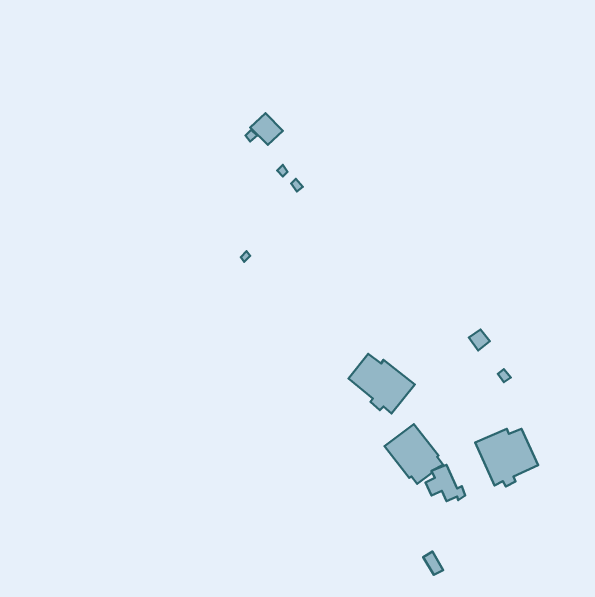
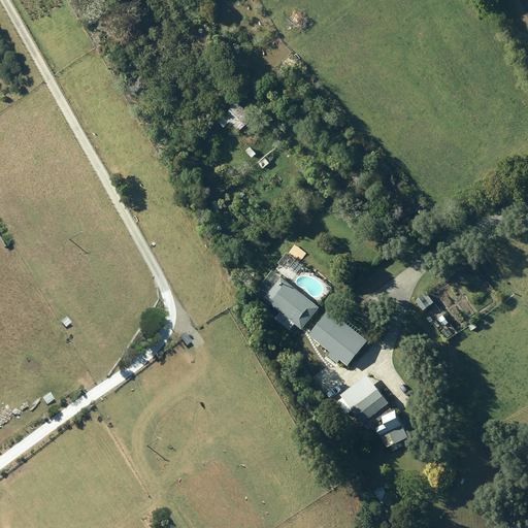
building: none -> [262,275,318,328]
building: [475,429,538,487] -> none

